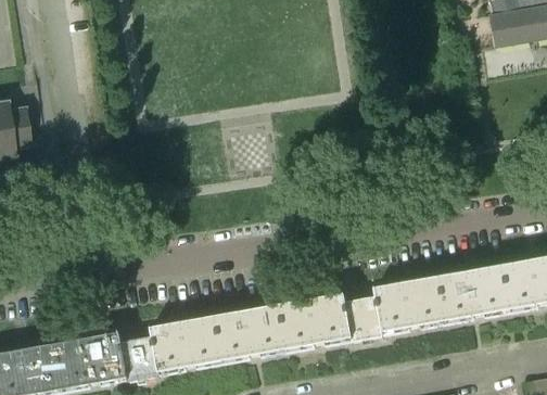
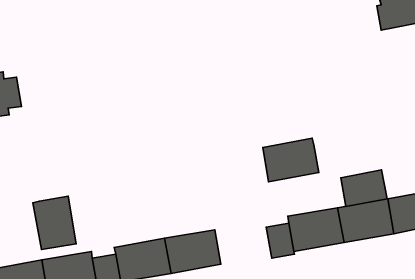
building: none -> [341,170,387,206]
building: none -> [33,196,76,249]
building: [280,293,353,349] -> [263,138,319,182]

